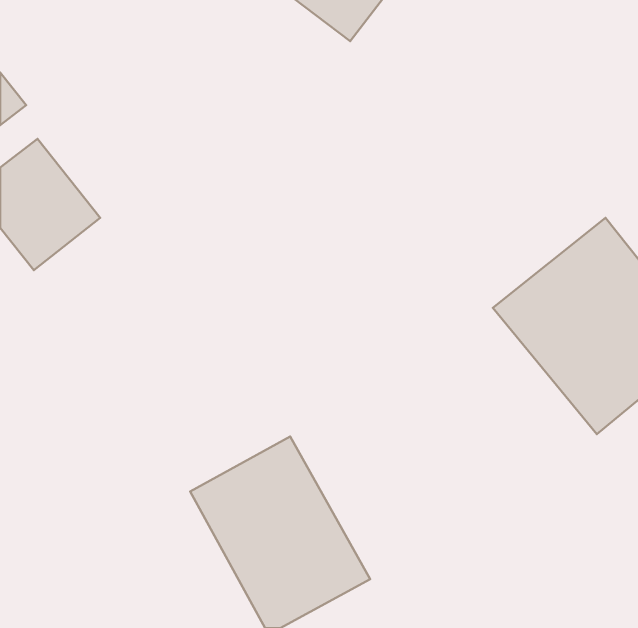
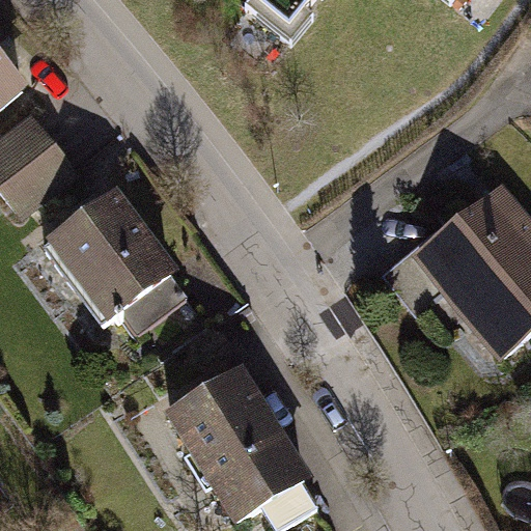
building: none -> [40,189,174,324]

